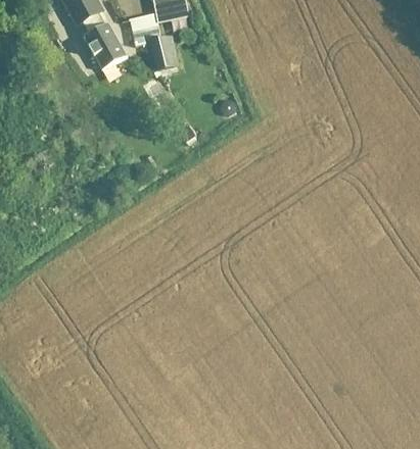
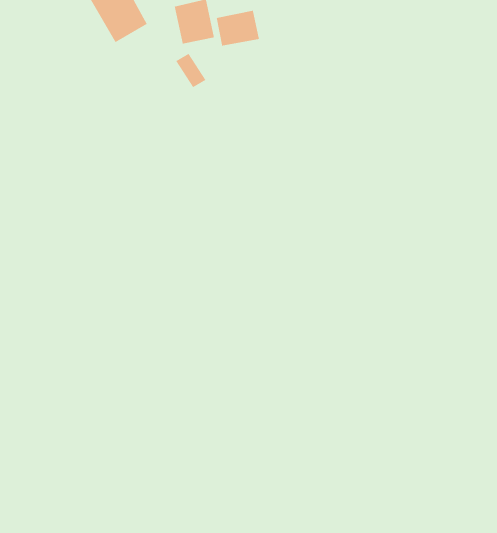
building: none -> [216,10,260,47]

